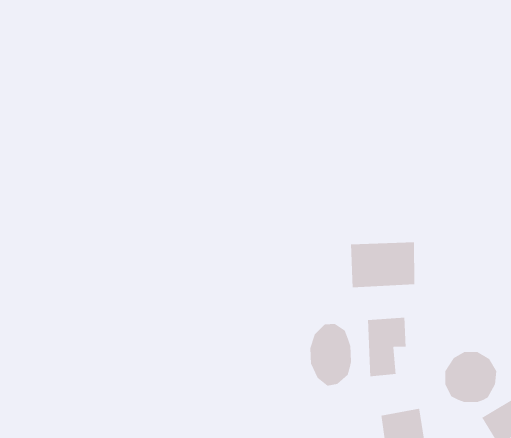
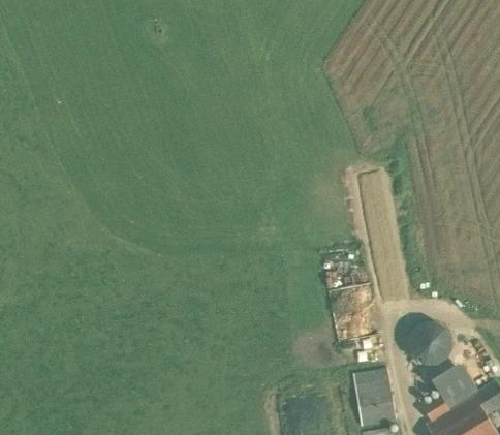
building: [350,241,415,288] -> none
building: [309,323,352,386] -> none

